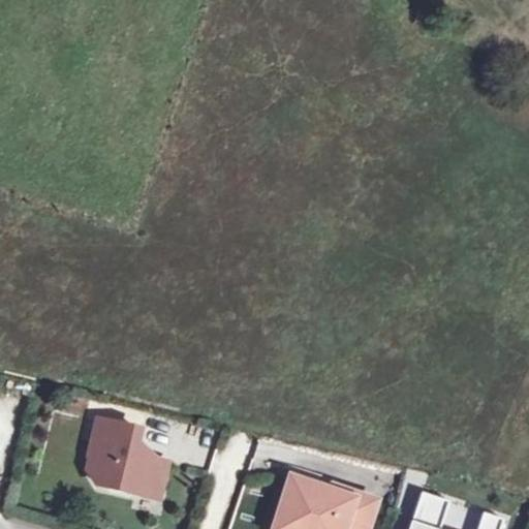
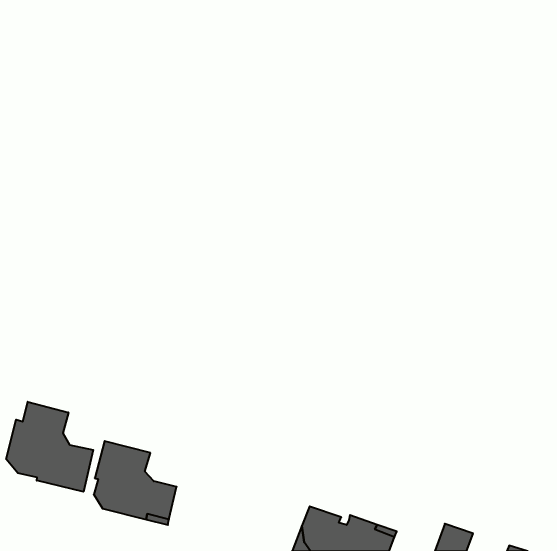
building: none -> [6,402,93,492]

